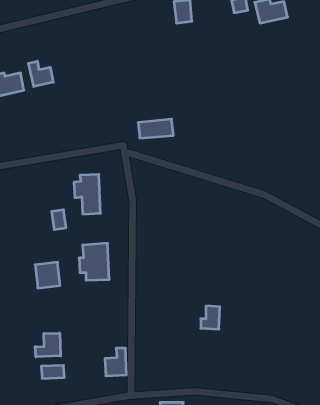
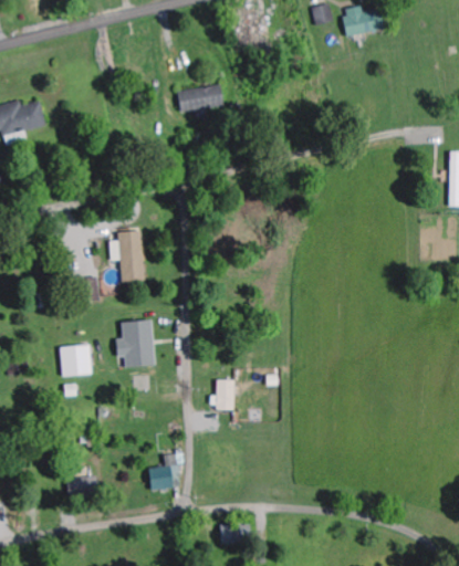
building: [28,61,53,87] -> none
building: [138,119,173,138] -> [178,85,223,109]
building: [201,306,220,329] -> [210,379,234,409]
building: [35,333,61,357] -> none

